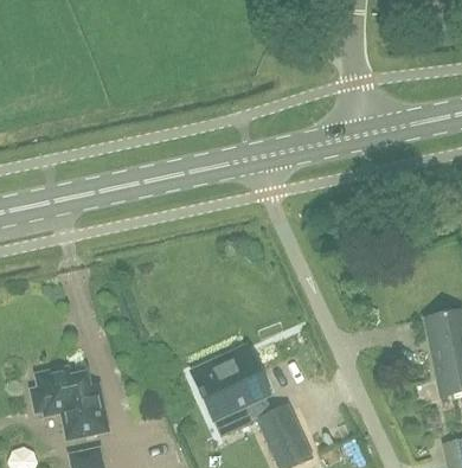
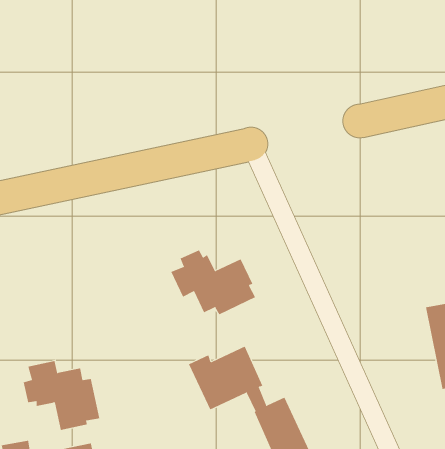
building: none -> [171,250,256,315]

